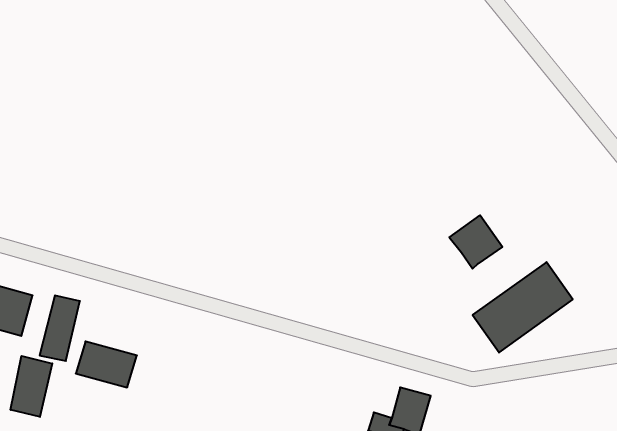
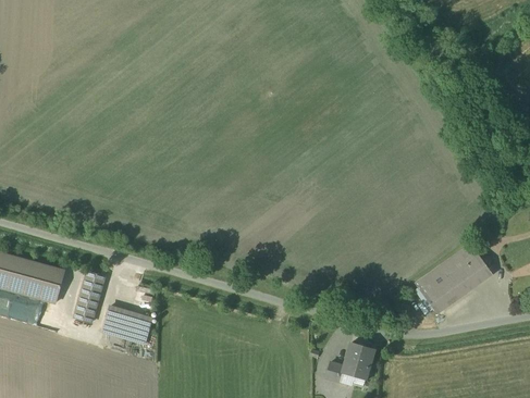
building: [449,215,502,269] -> none
building: [11,356,52,417] -> none

